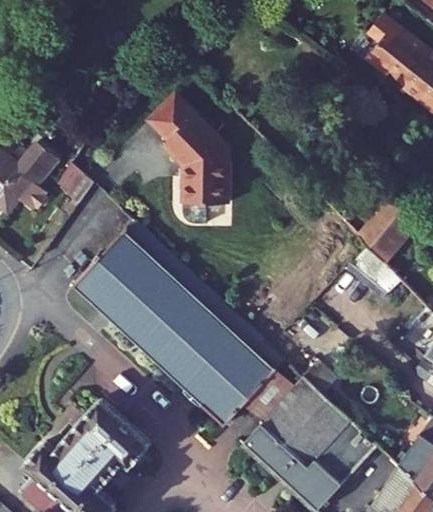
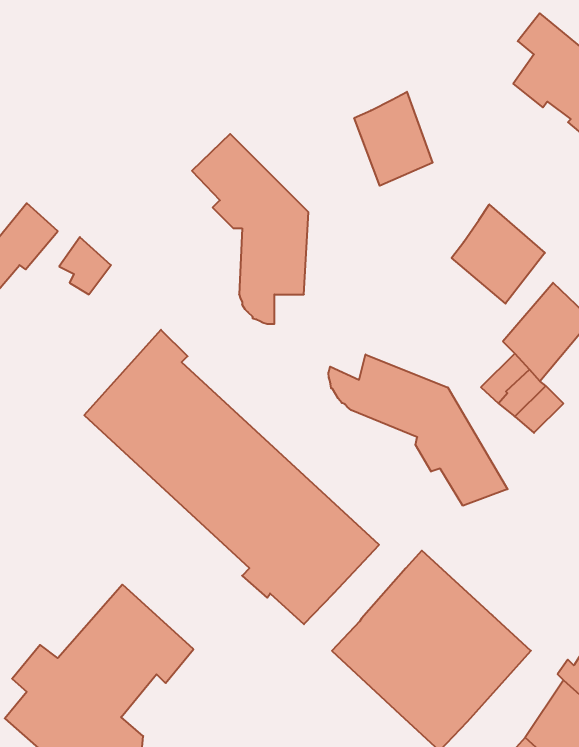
building: none -> [354,92,433,186]
building: none -> [452,204,545,304]
building: none -> [328,354,508,506]
building: [245,373,294,423] -> none

